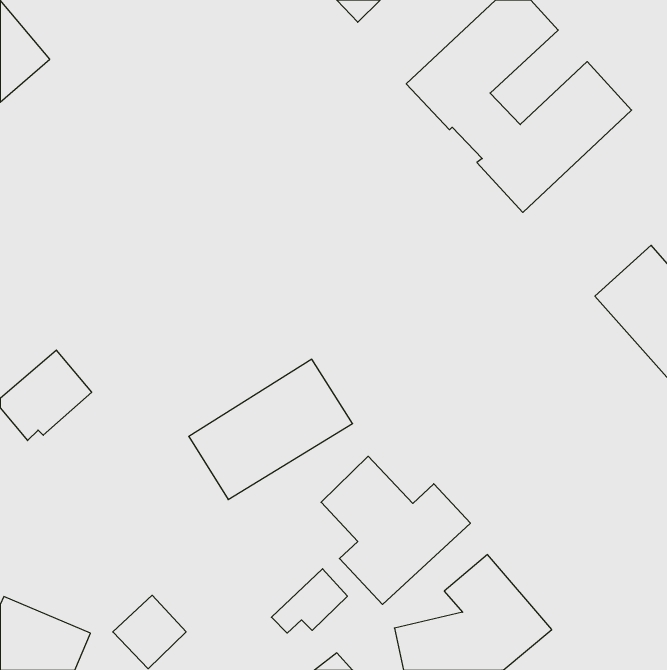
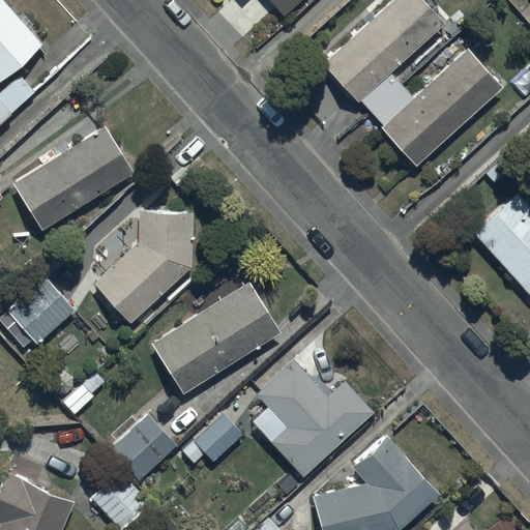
building: none -> [12,127,132,231]
building: none -> [93,212,192,324]
building: none -> [110,412,177,479]
building: [271,569,347,633] -> [182,412,242,463]

